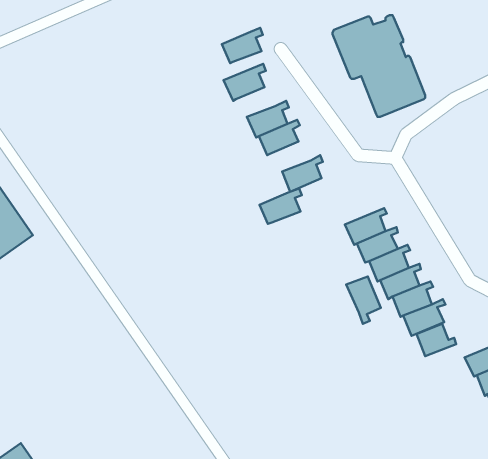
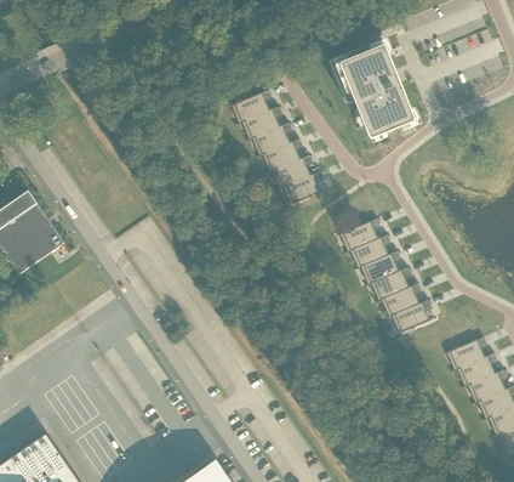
building: [222,28,263,63] -> [244,108,280,140]
building: [260,188,302,224] -> [274,157,312,188]
building: [346,276,381,324] -> none
building: [416,324,456,356] -> none

